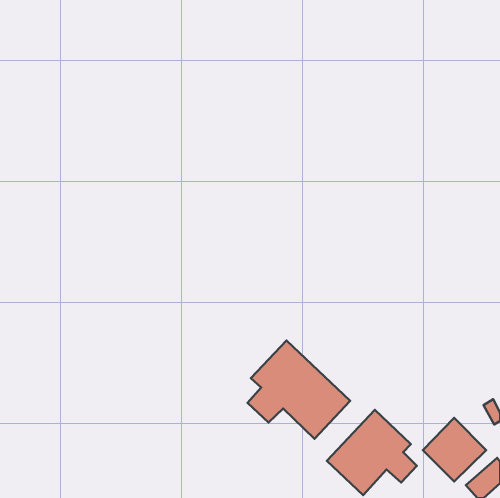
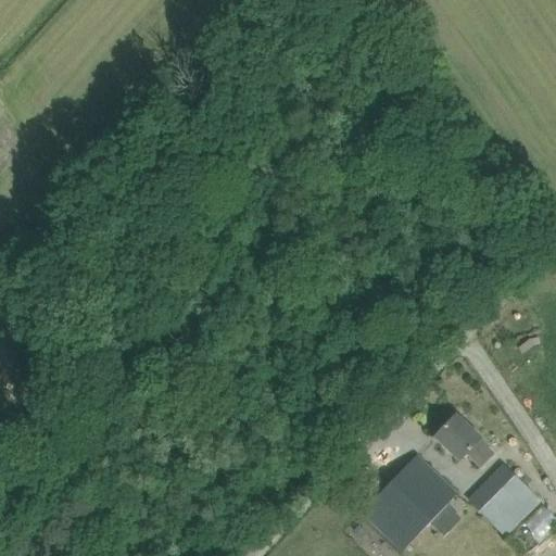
building: [248,340,350,439] -> none
building: none -> [434,413,493,464]

